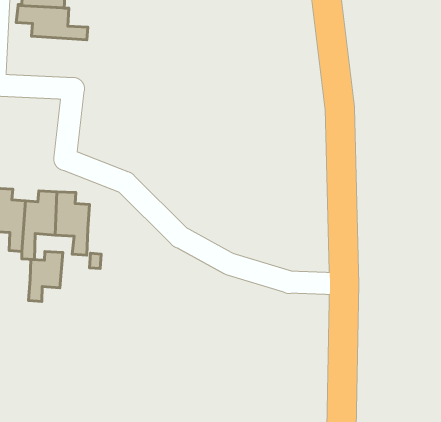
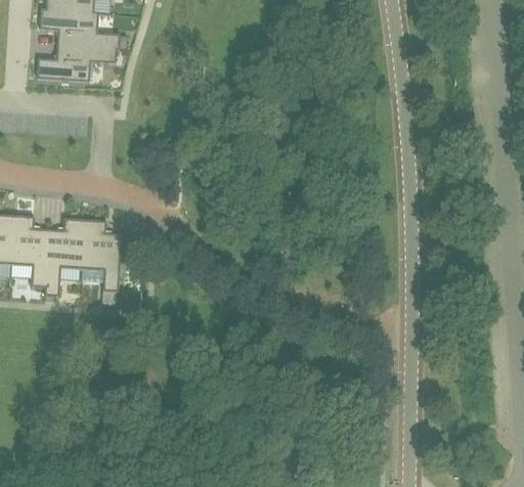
building: none -> [34,44,117,82]
building: [28,251,63,301] -> none

